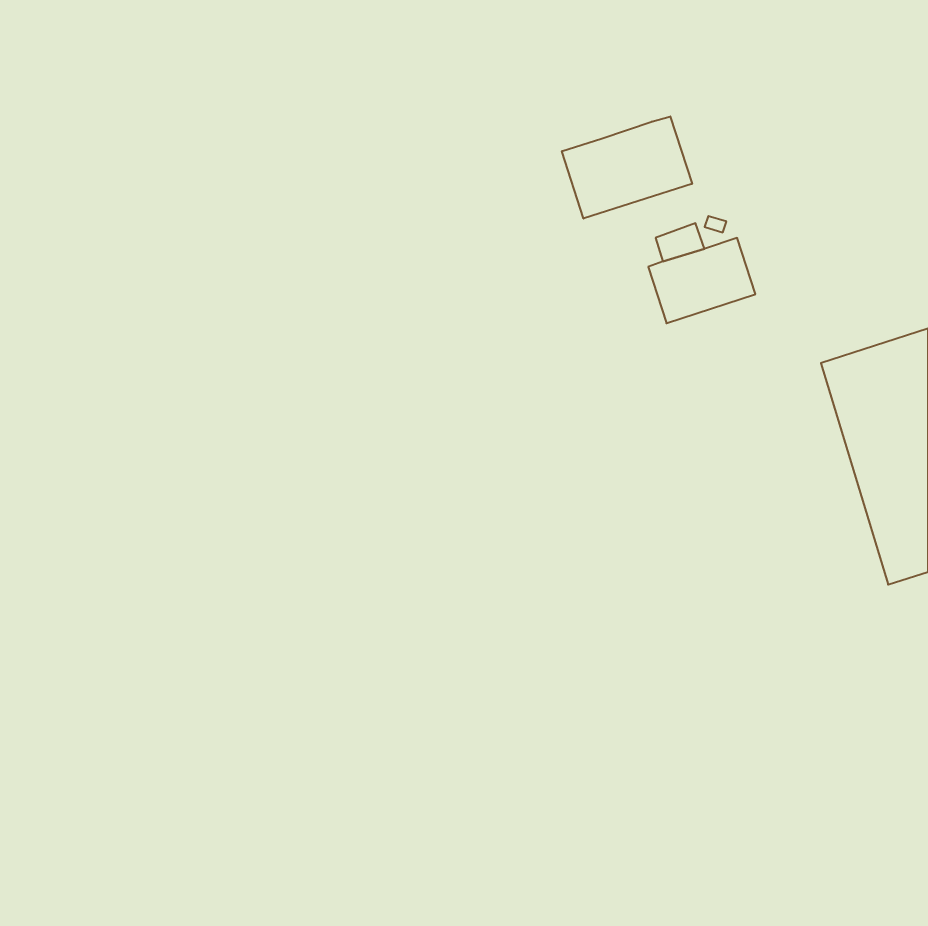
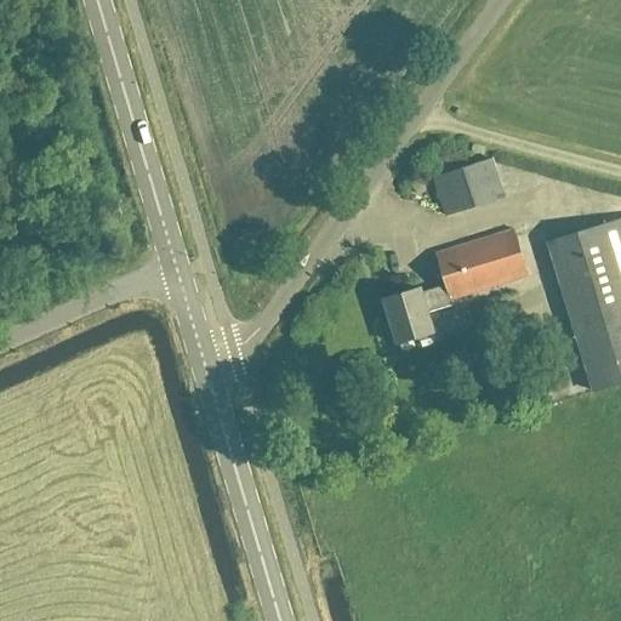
building: [562,116,692,219] -> none
building: none -> [383,230,529,343]

